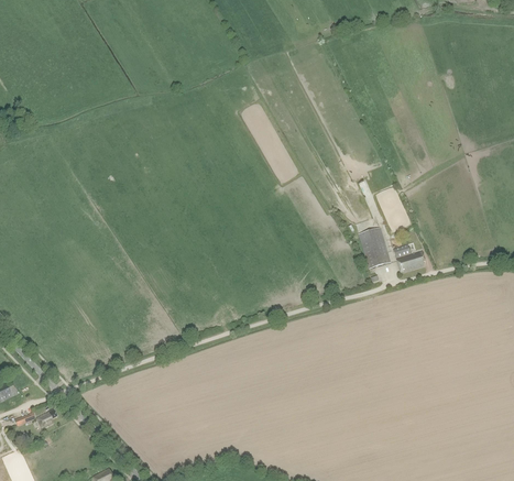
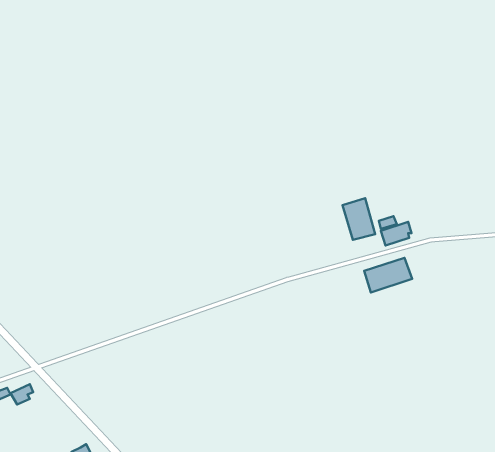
building: none -> [364,258,412,292]

